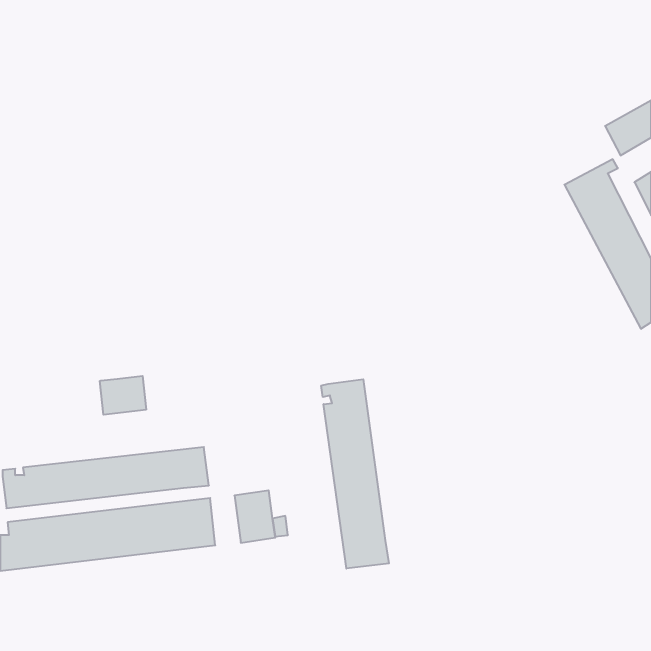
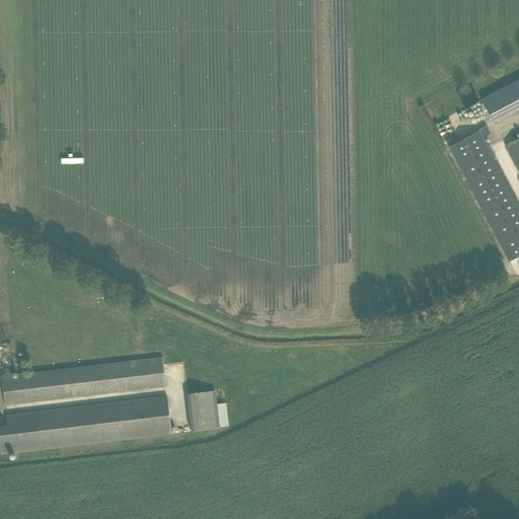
building: [100,376,146,415] -> none
building: [321,379,389,569] -> none

